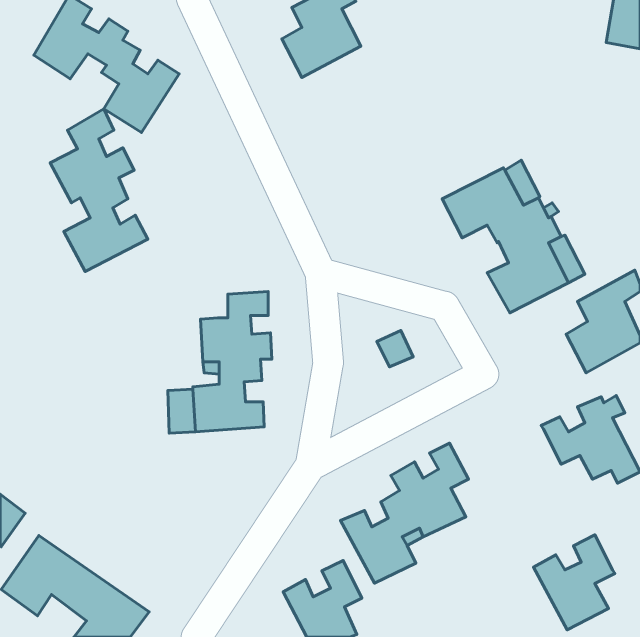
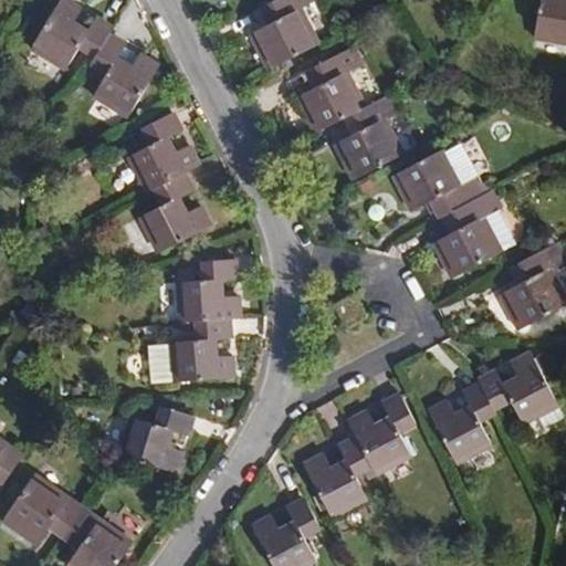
building: none -> [295,48,403,179]
building: [50,109,148,272] -> [125,109,211,253]
building: none -> [115,405,193,473]
building: [533,535,615,630] -> [426,379,497,463]

